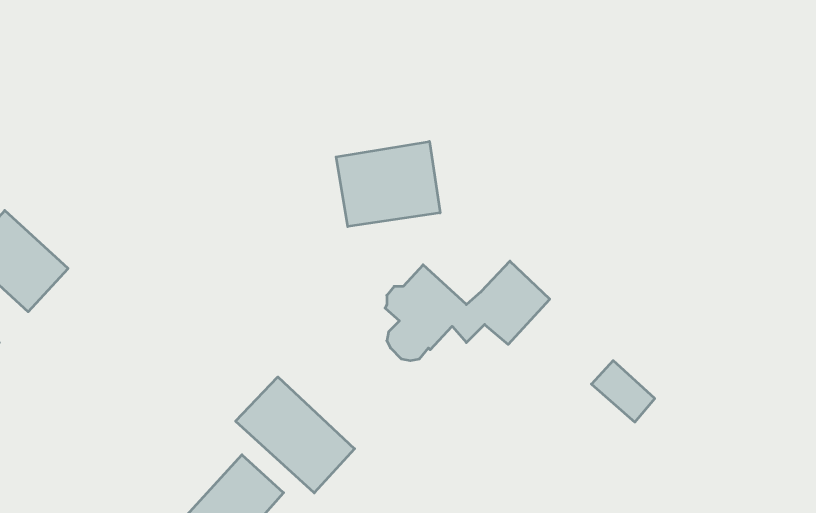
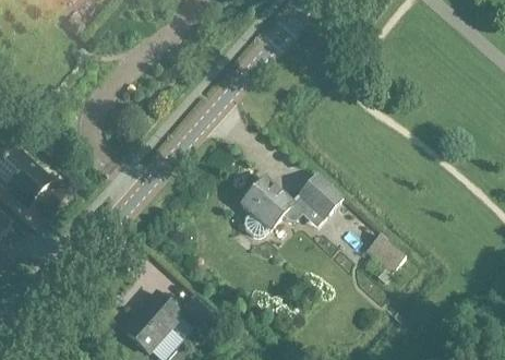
building: [336,141,440,227] -> none
building: [236,377,355,493] -> none

